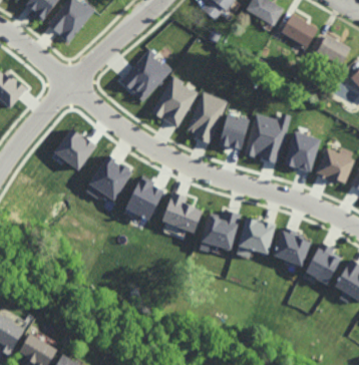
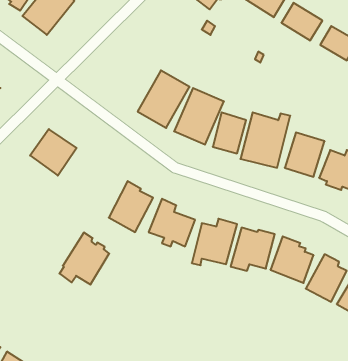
building: [118,50,170,101] -> none
building: [85,154,130,202] -> [59,233,109,285]

